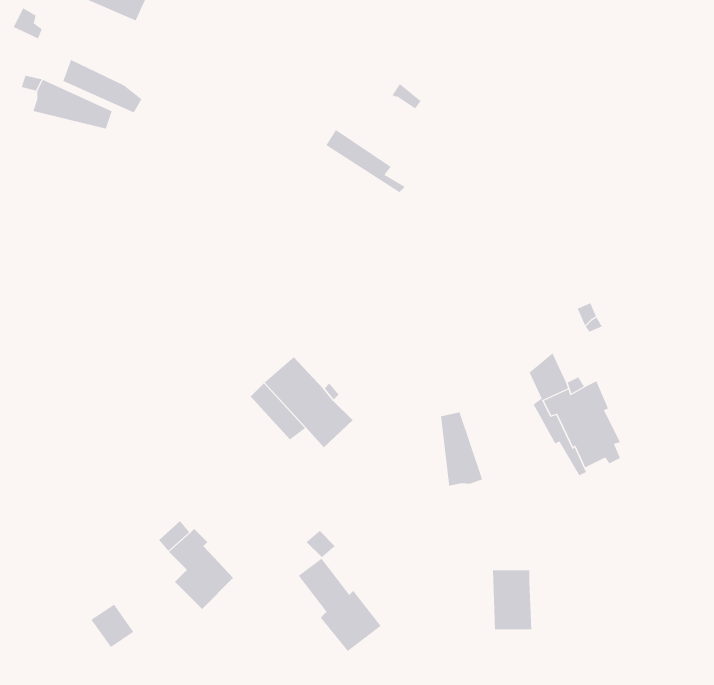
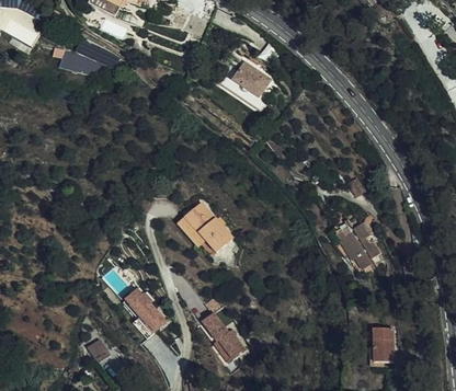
building: none -> [223,62,272,107]
building: [440,412,483,487] -> none
building: [492,570,532,630] -> [370,333,392,366]

